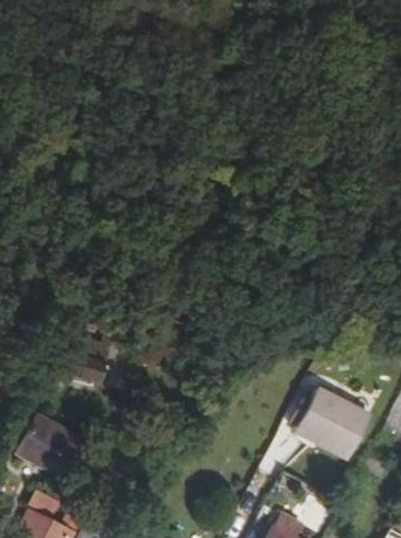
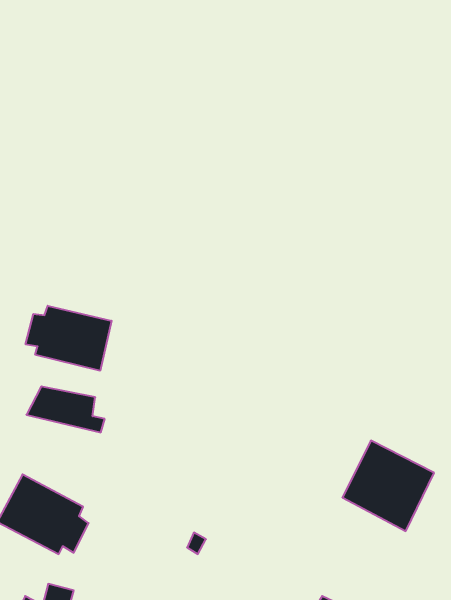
building: none -> [26,306,112,371]

